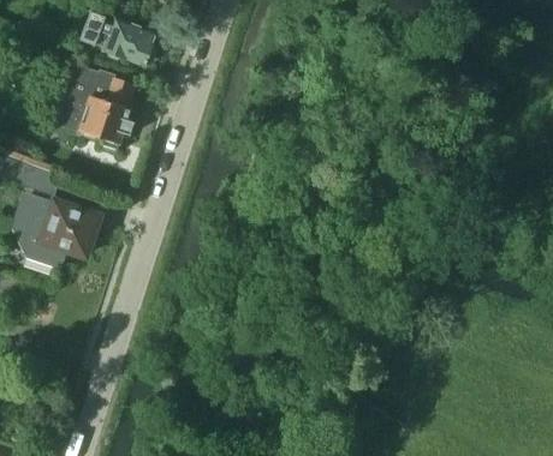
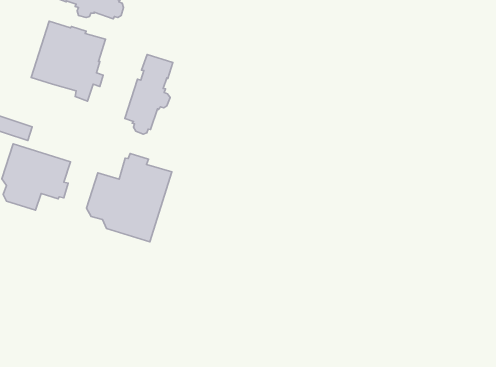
building: none -> [125,55,173,134]
building: none -> [86,153,172,242]

